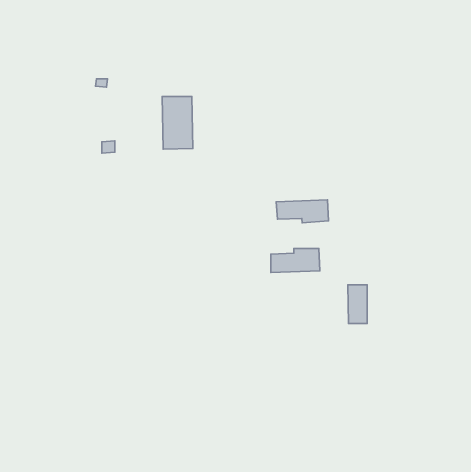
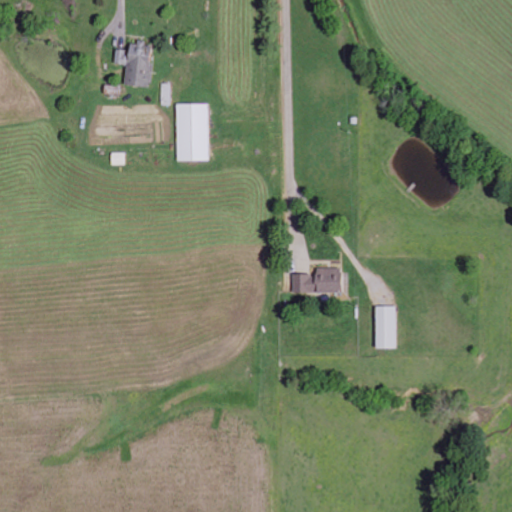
building: none -> [113,41,154,88]
building: [276,200,328,223] -> none

